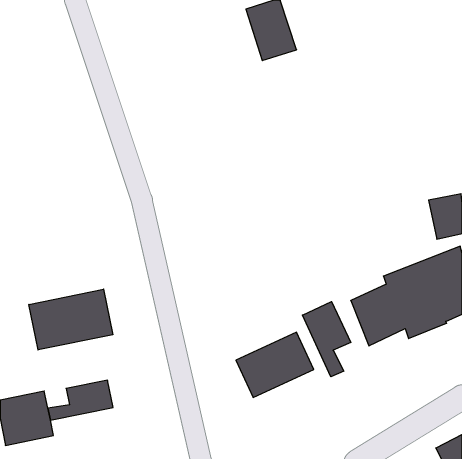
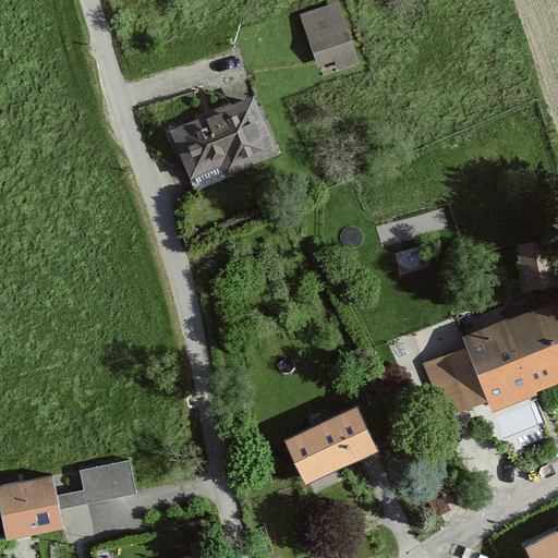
building: none -> [170,95,280,180]
building: [29,289,113,350] -> none
building: [302,302,351,377] -> none

